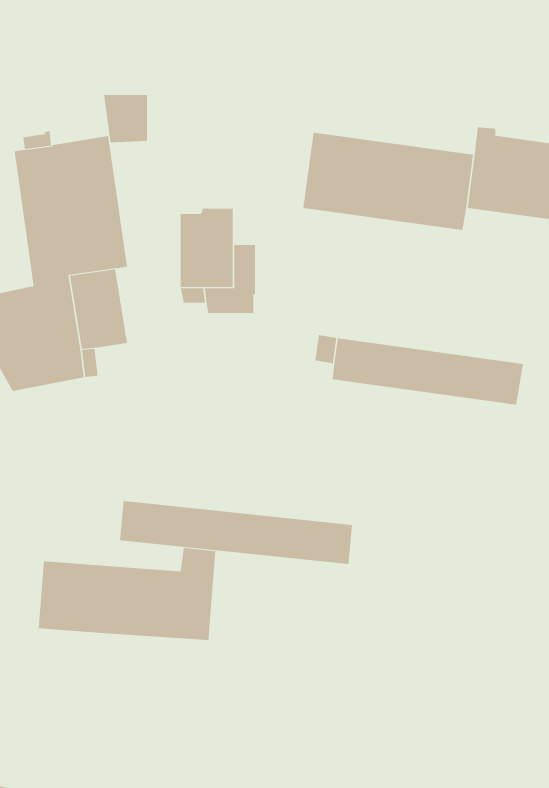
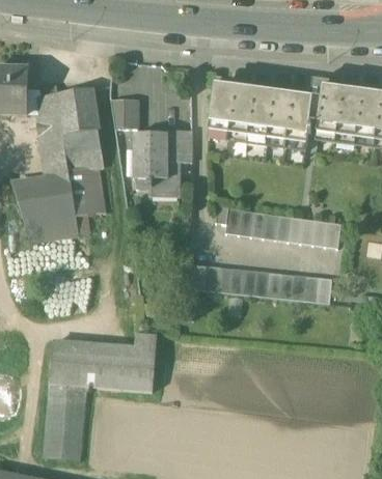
building: [103,94,148,143] -> [110,98,137,128]
building: none -> [166,130,191,161]
building: [119,501,353,565] -> [191,263,331,302]
building: none -> [42,382,88,458]

